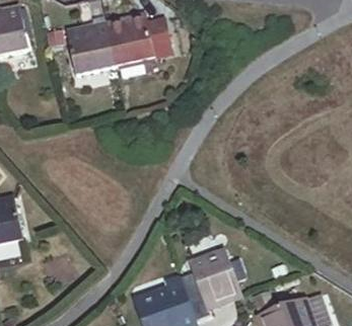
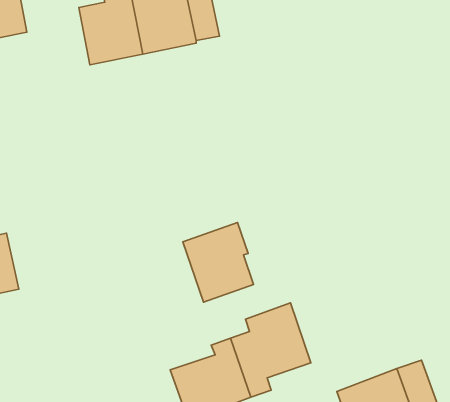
building: none -> [183,223,253,302]

